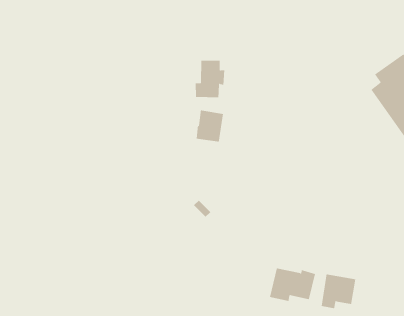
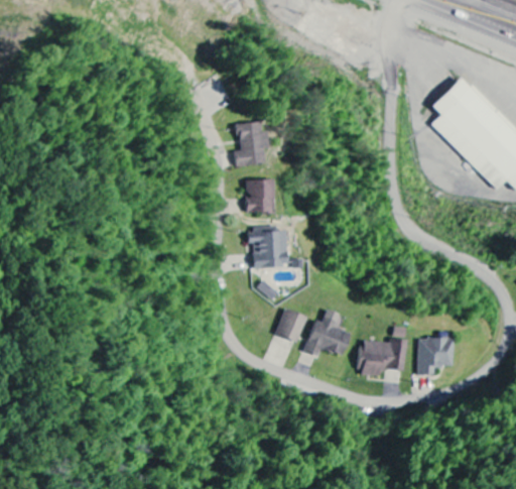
building: none -> [247,227,287,268]
building: none -> [275,309,305,341]
building: none -> [305,309,350,356]

